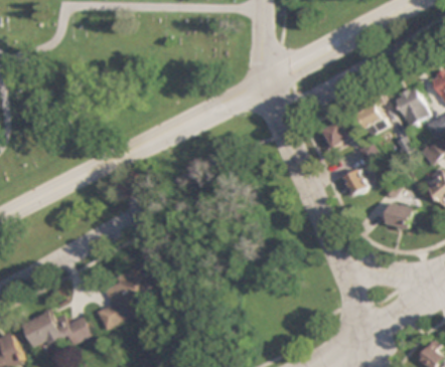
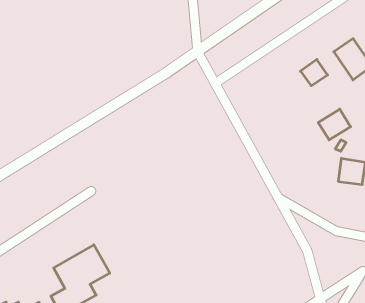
building: [319,121,348,148] -> none
building: [336,168,367,197] -> [318,109,351,140]

